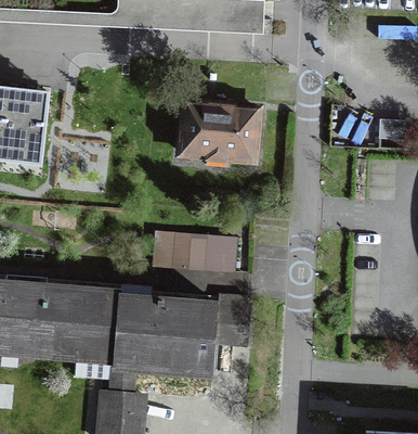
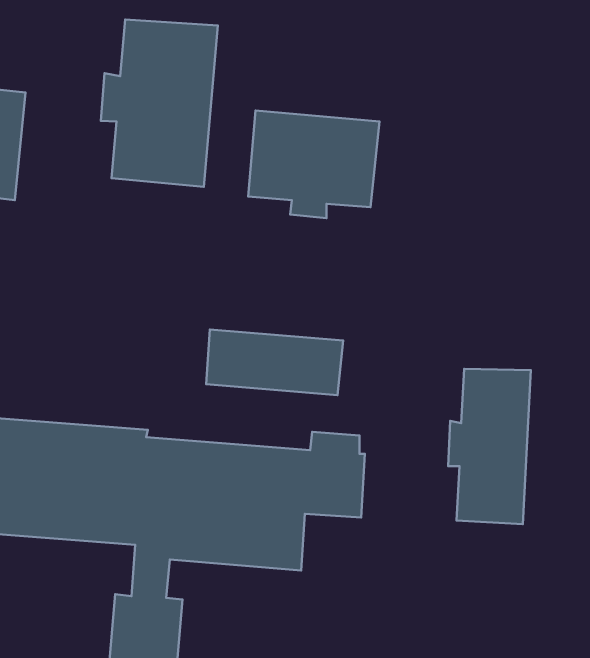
building: none -> [101,19,218,187]
building: none -> [448,369,531,524]

